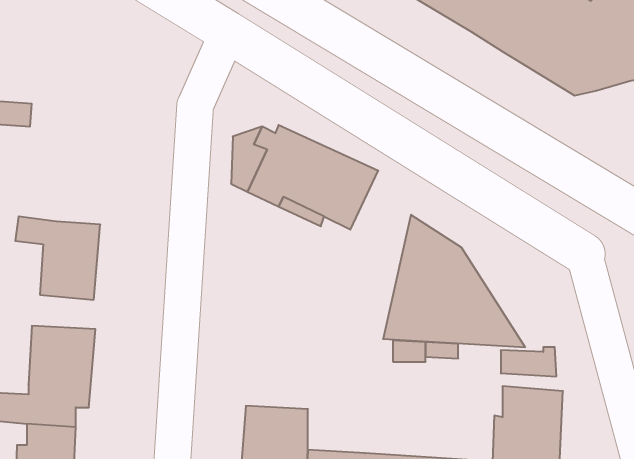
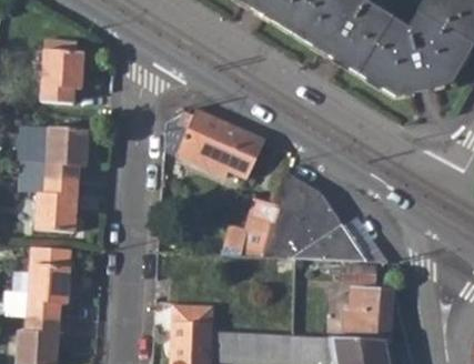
building: none -> [42,41,82,101]
building: none -> [21,131,87,180]
building: none -> [224,202,280,257]

